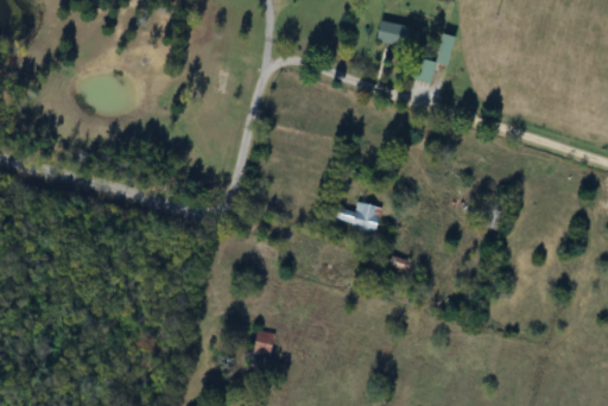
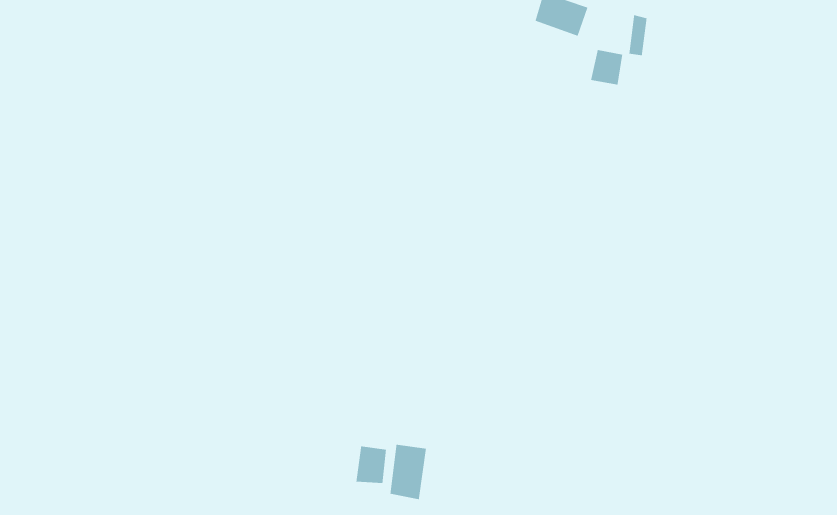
building: [334,201,384,235] -> none
building: none -> [389,444,427,500]

